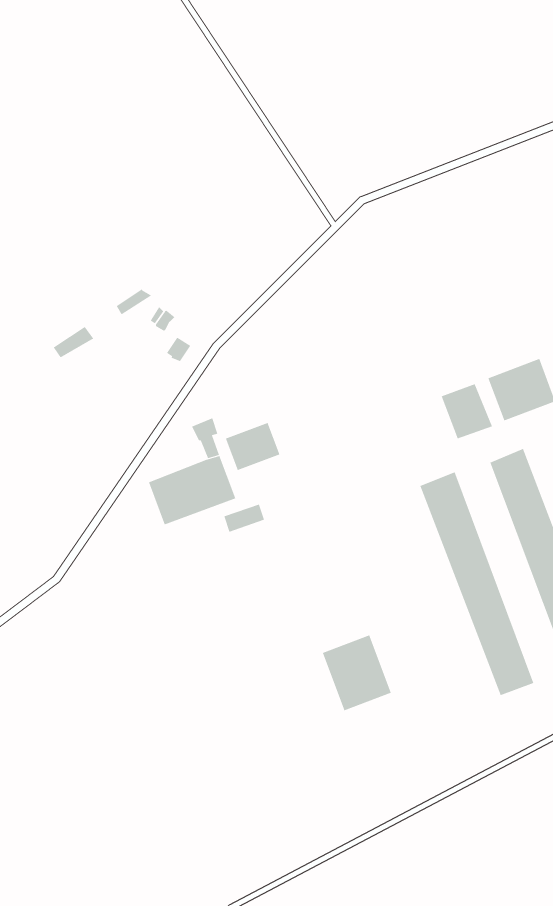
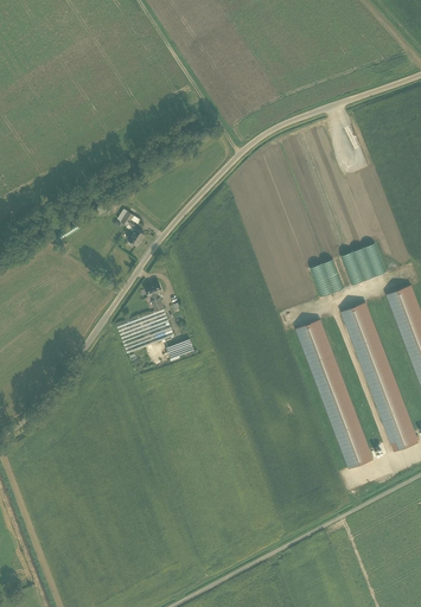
building: [225,422,280,471] -> none
building: [322,635,392,711] -> none

